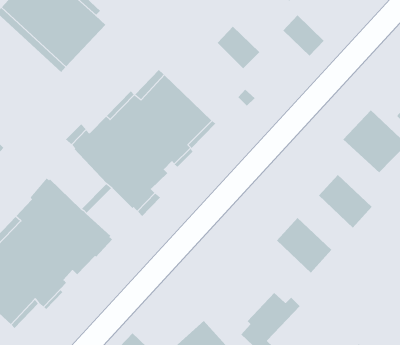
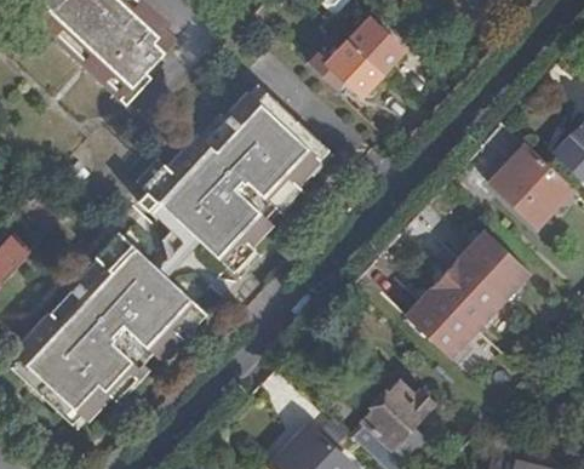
building: [282,14,325,57] -> [348,17,402,72]
building: none -> [431,257,503,327]

